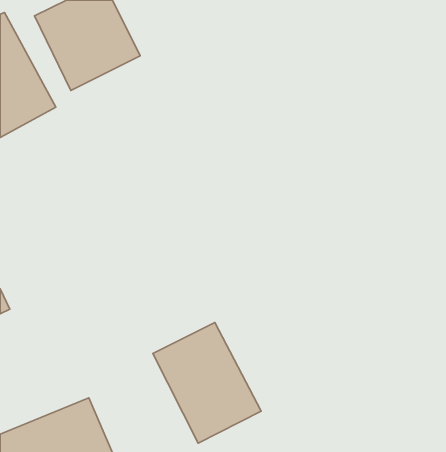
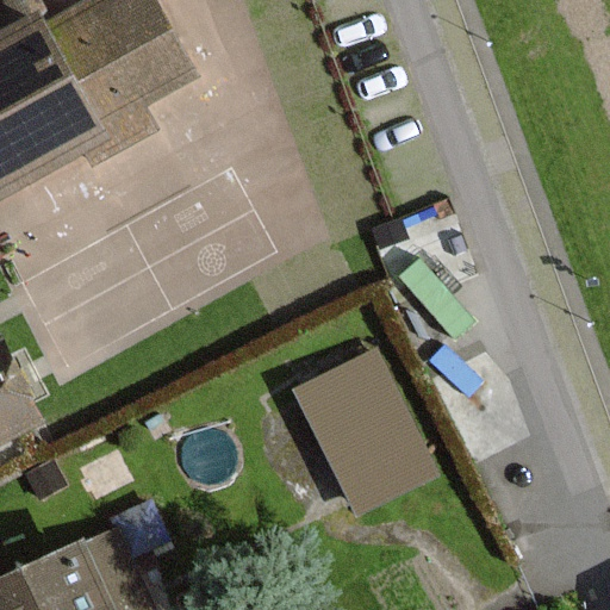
building: [153,322,261,443] -> [287,344,432,506]

